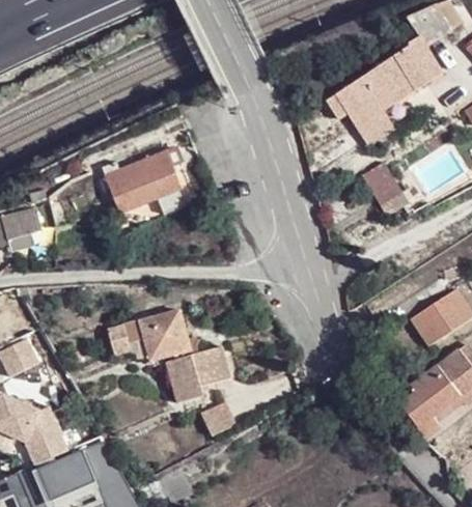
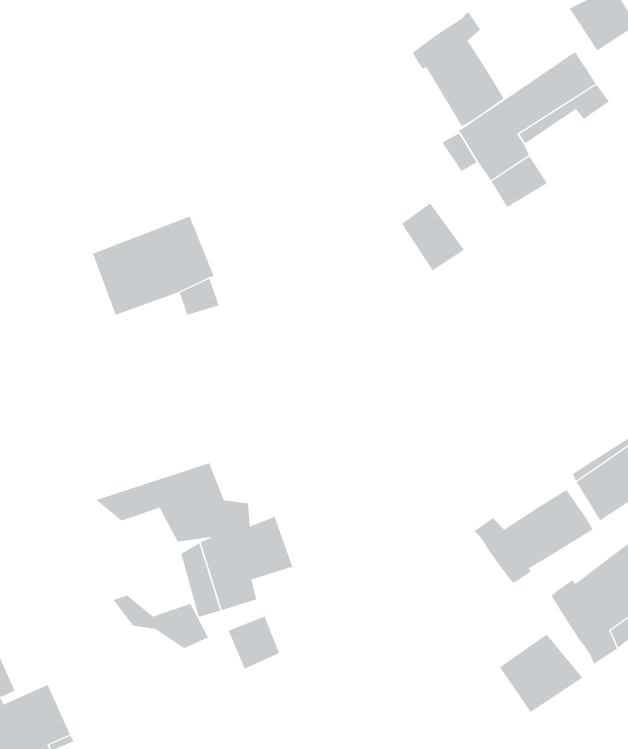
building: none -> [412,11,505,127]
building: [365,164,406,207] -> [401,203,465,271]
building: none -> [473,489,593,583]
building: [98,330,159,364] -> [112,595,209,649]
building: none -> [499,634,583,713]

